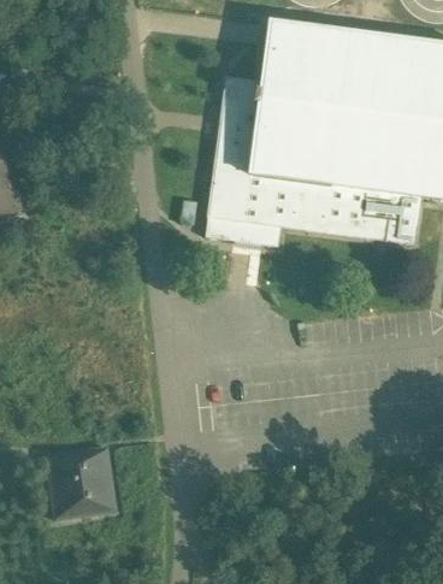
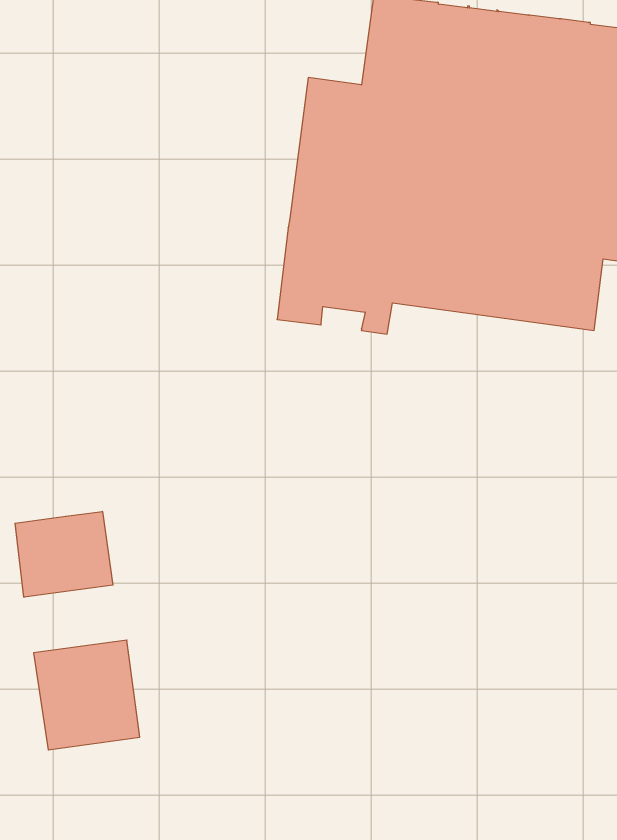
building: none -> [15,511,113,597]

